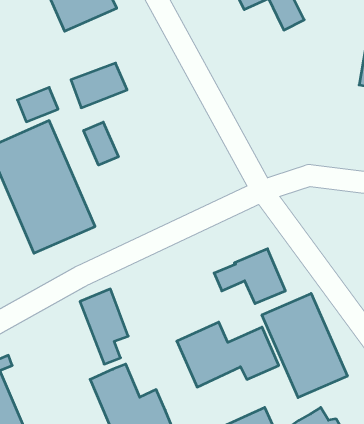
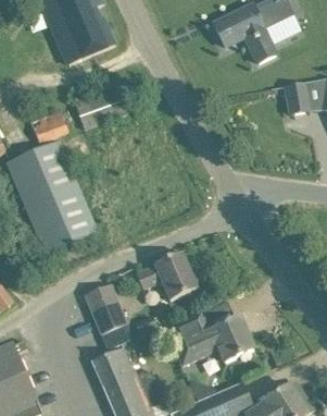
building: none -> [285,82,309,113]
building: [84,122,118,165] -> none
building: [214,249,285,304] -> [136,252,197,298]
building: [262,293,347,398] -> none

